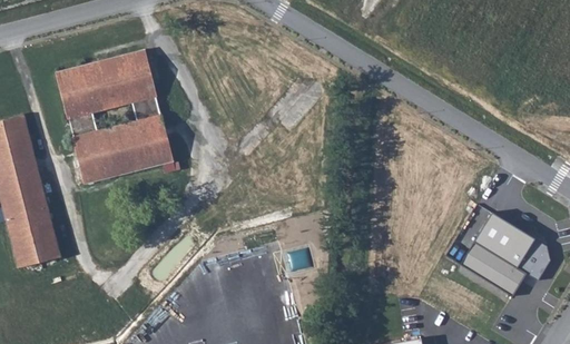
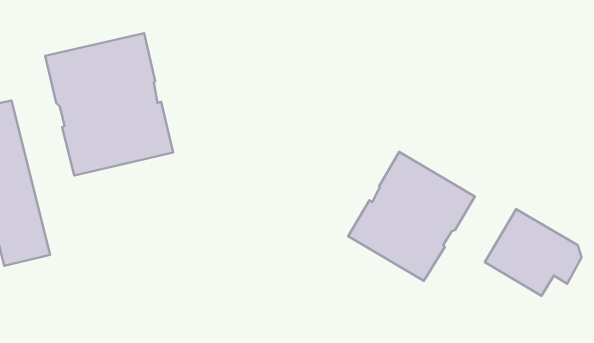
building: none -> [348,152,475,281]

